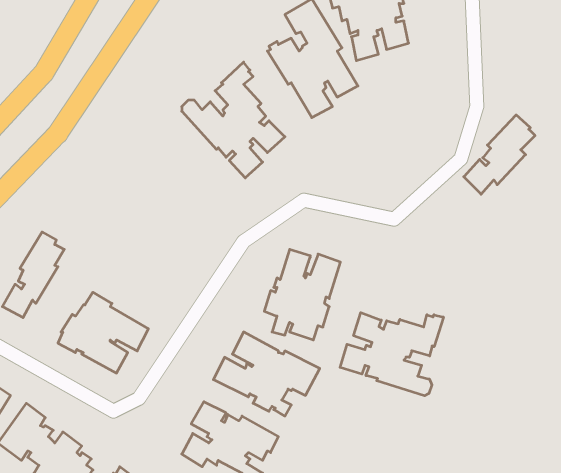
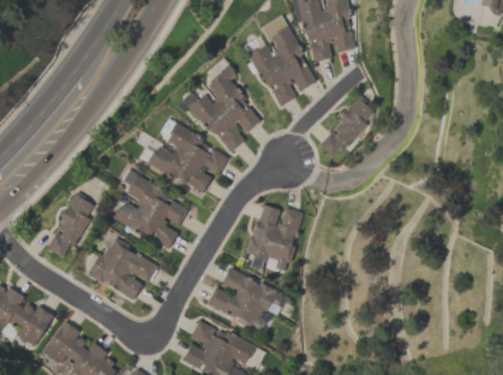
building: [464,115,535,194] -> [319,96,373,156]
building: none -> [138,121,229,192]
building: none -> [113,168,187,248]
building: [340,313,443,396] -> none

